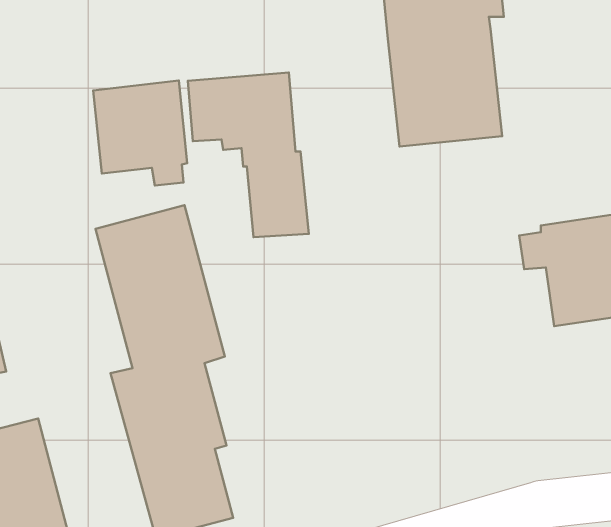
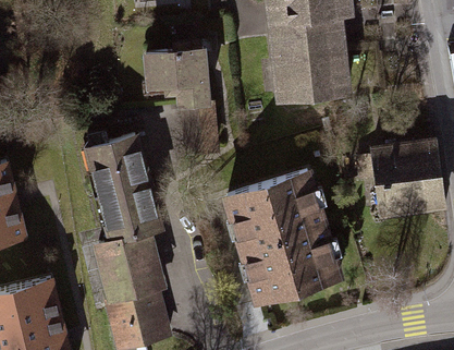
building: [93,80,187,186] -> none
building: none -> [226,171,339,302]

